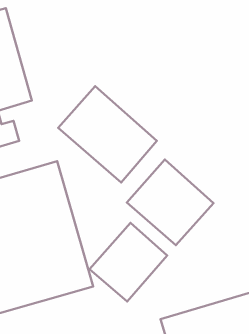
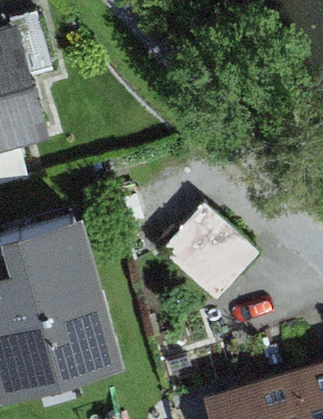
building: [58,86,157,182] -> none
building: [89,223,167,302] -> none

